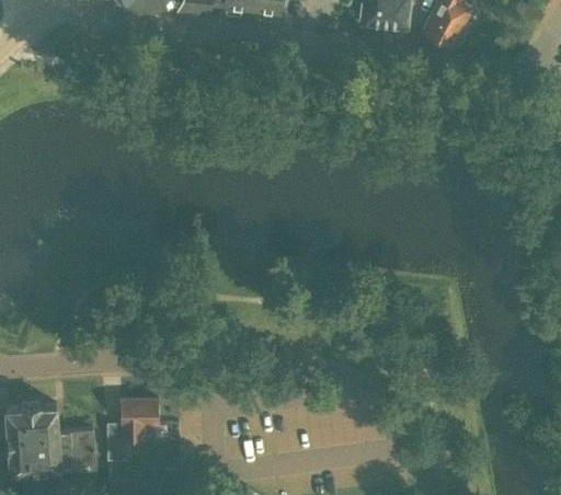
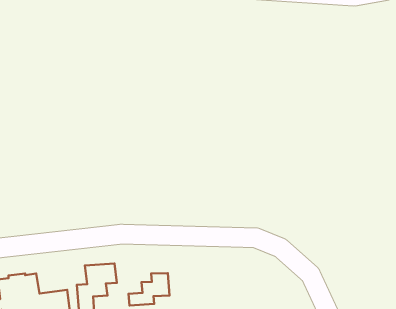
building: none -> [129,273,170,306]

